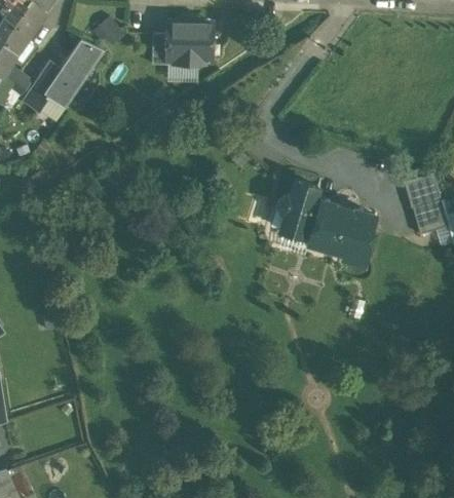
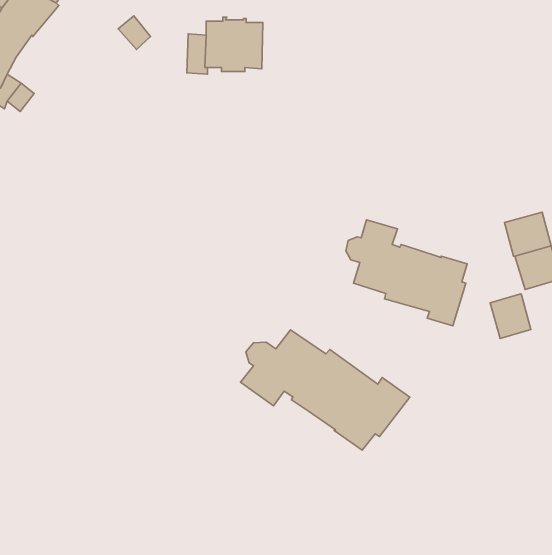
building: [22,41,105,113] -> none
building: none -> [490,294,531,339]
building: none -> [240,330,410,450]

